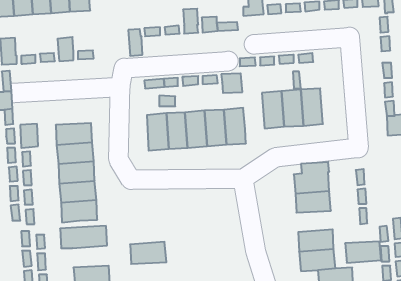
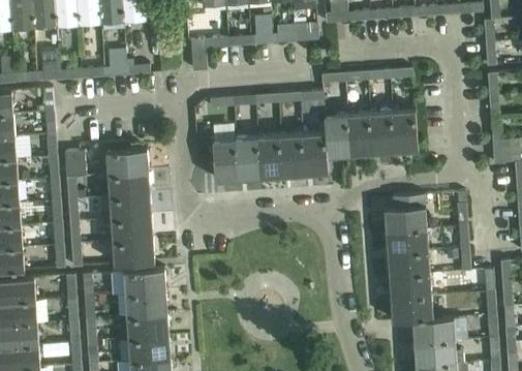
building: none -> [325,116,350,158]
building: [345,241,381,263] -> [388,253,430,278]
building: [130,242,166,264] -> [126,293,168,319]

